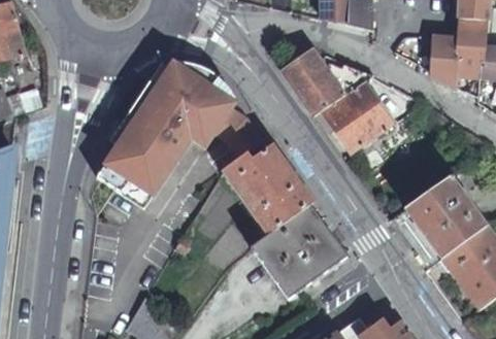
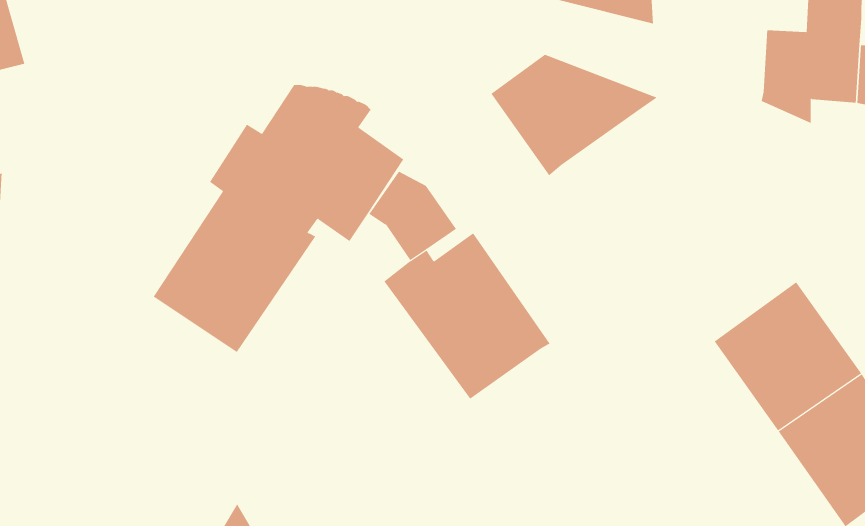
building: [321,78,393,151] -> none
building: [252,209,343,300] -> none

